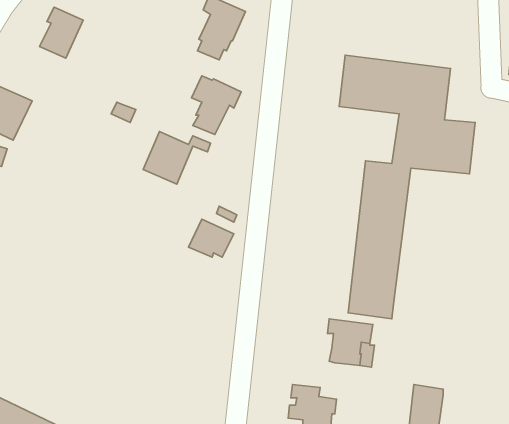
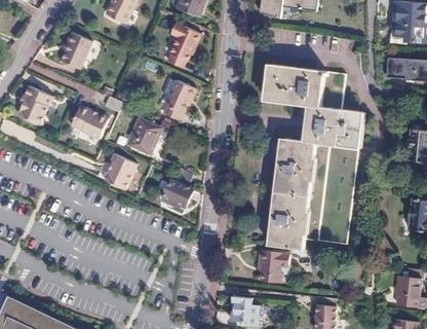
building: none -> [71,110,108,140]
building: none -> [304,144,357,245]
building: none -> [104,153,138,189]

